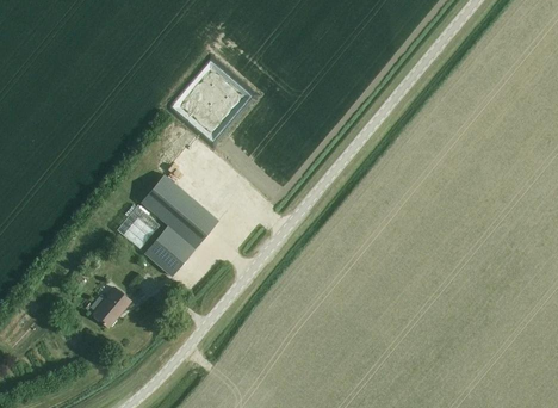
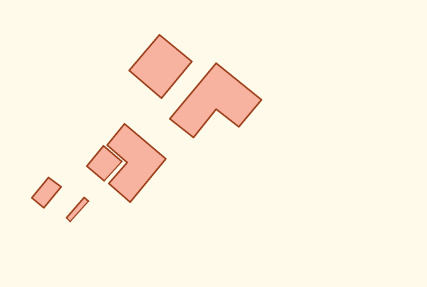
building: none -> [170,63,261,137]
building: [93,288,131,327] -> [32,178,61,208]

